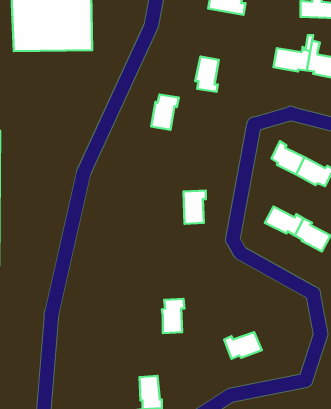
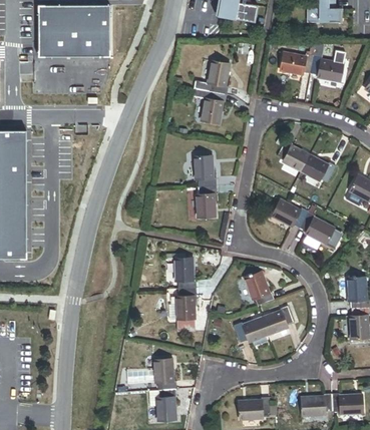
building: [151,94,179,130] -> [202,91,228,124]
building: none -> [195,156,218,187]
building: none -> [175,259,197,289]
building: none -> [246,273,275,306]
building: none -> [263,307,295,336]

